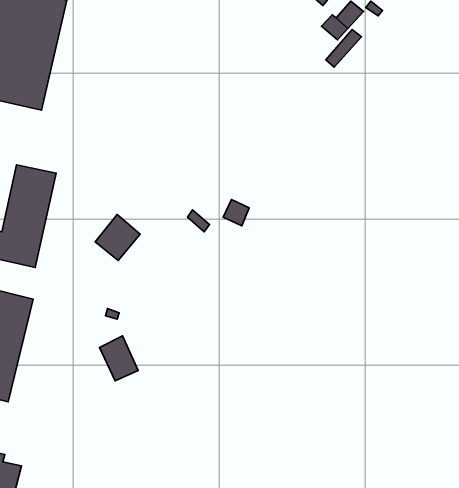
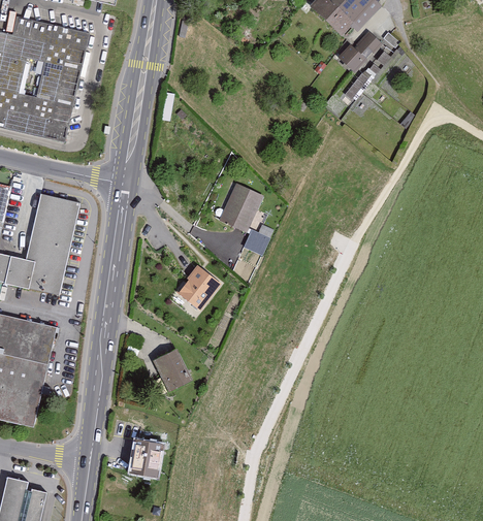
building: none -> [217,183,262,232]
building: [95,214,140,261] -> [175,265,220,311]
building: [99,336,138,381] -> [152,346,190,390]
building: none -> [130,442,159,476]

